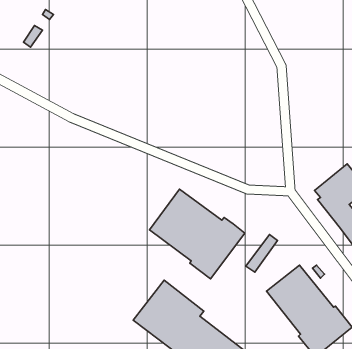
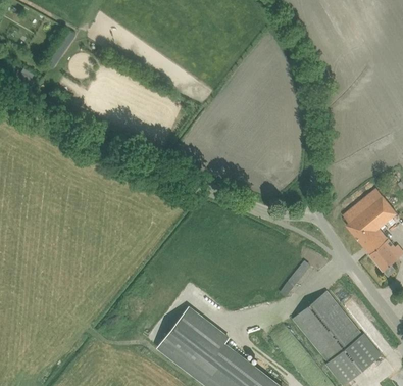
building: [150,189,245,279] -> none

